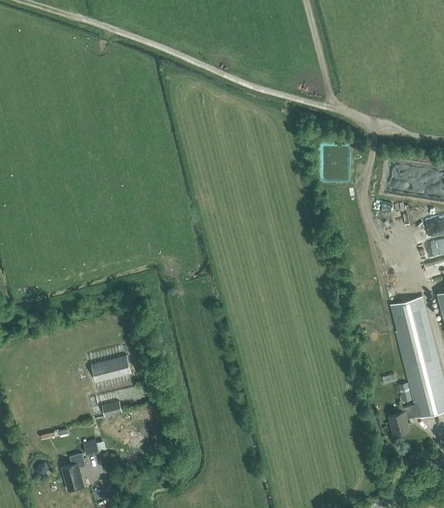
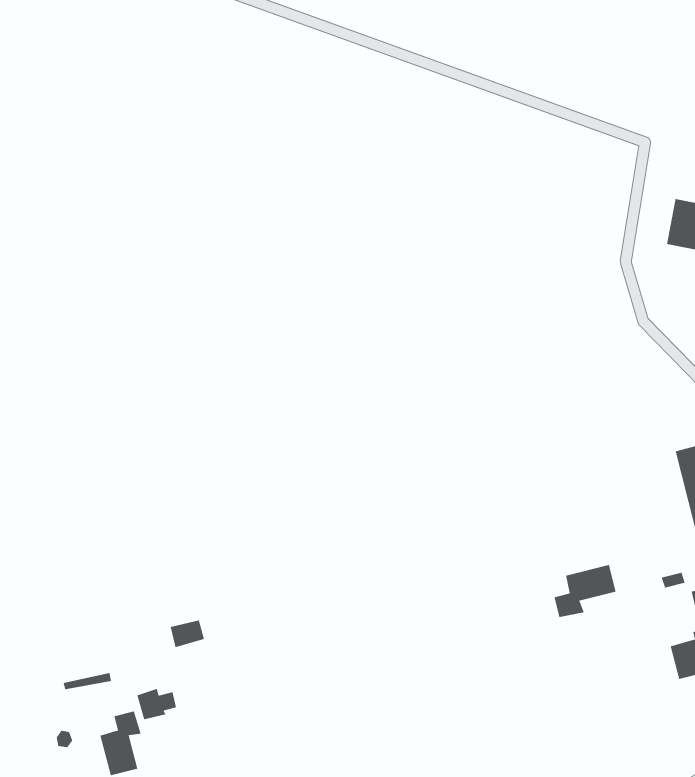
building: [91,355,131,382] -> none
building: none -> [554,564,616,618]

